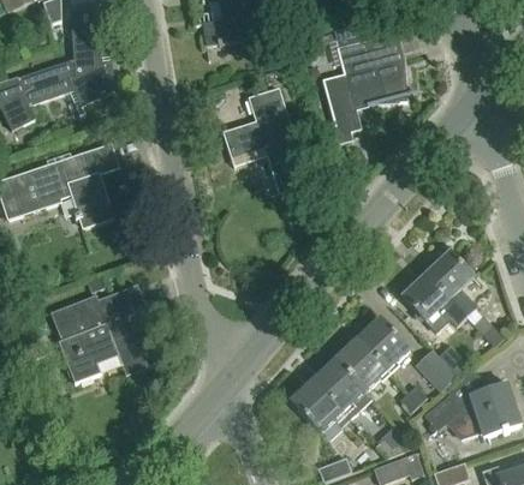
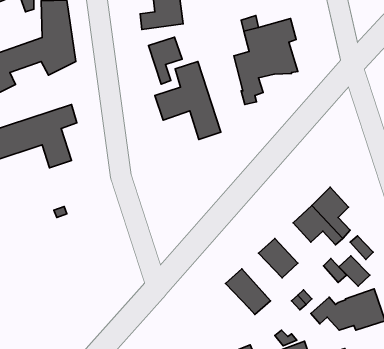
building: none -> [149,37,182,84]
building: [52,283,148,382] -> none
building: [334,337,387,391] -> none
building: [417,352,458,391] -> [339,256,370,286]
building: [291,377,351,430] -> none

